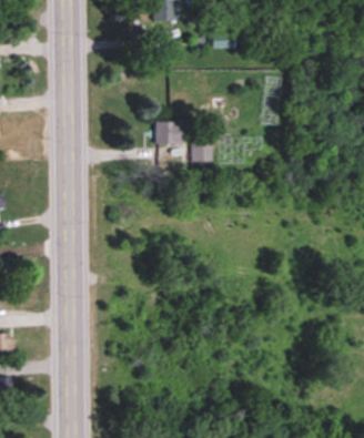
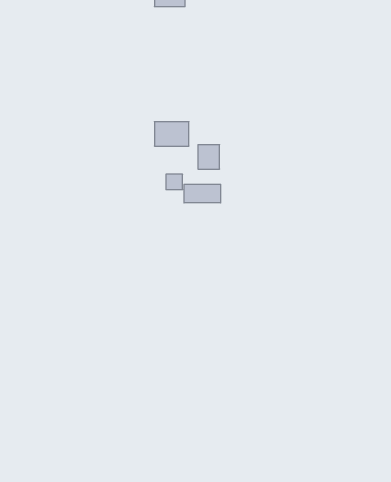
building: none -> [184,184,221,203]

